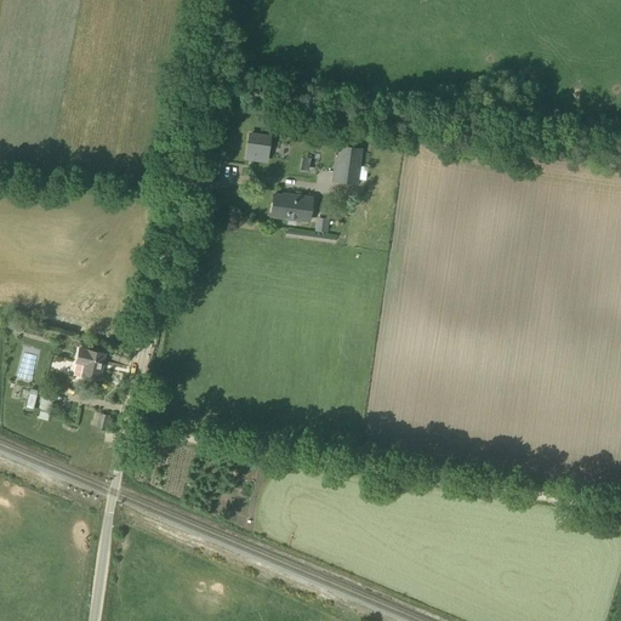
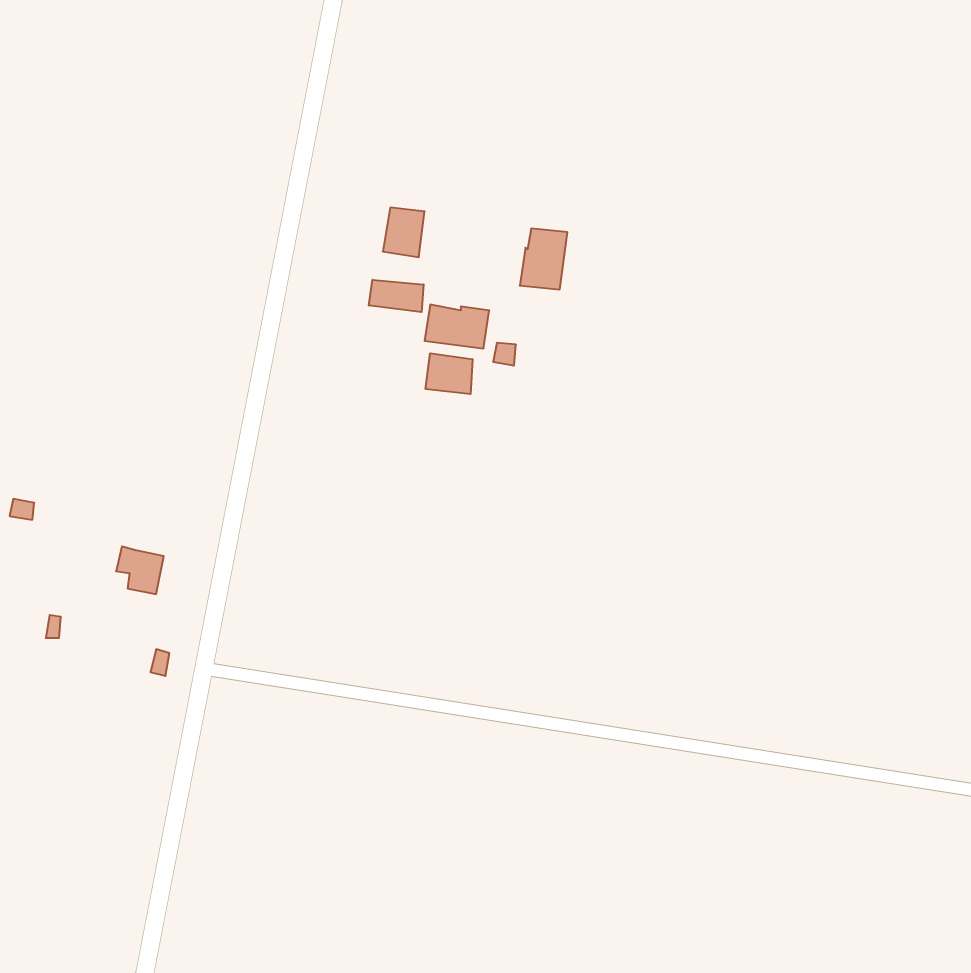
building: none -> [369,280,424,312]
building: none -> [426,353,472,394]

